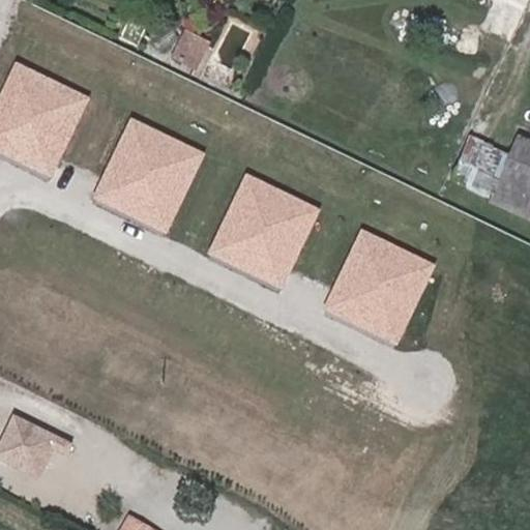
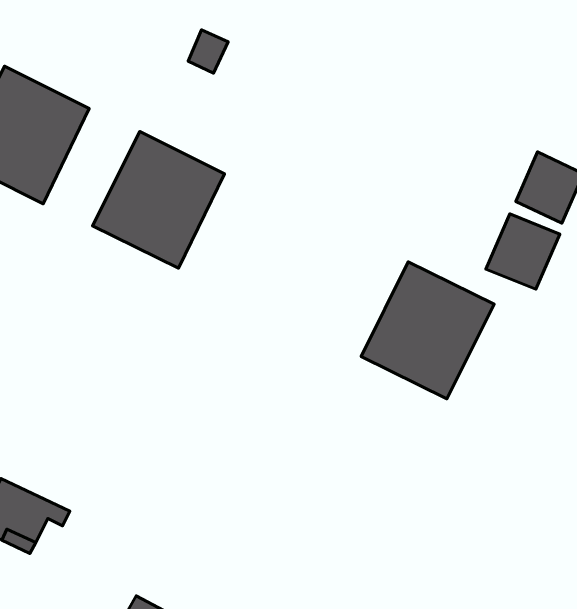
building: [206,173,320,291] -> none
building: none -> [486,214,560,289]

